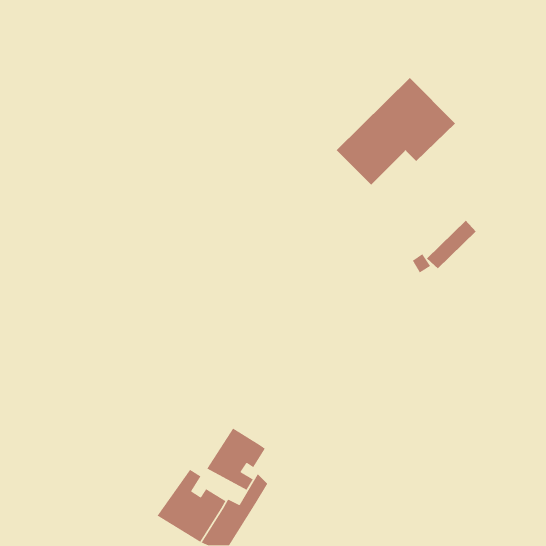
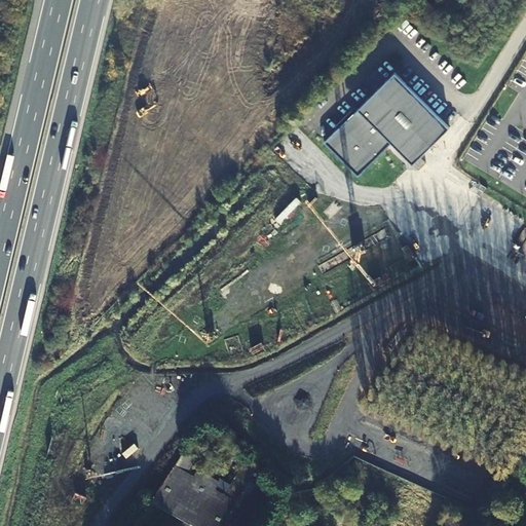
building: [426,220,477,269] -> [399,118,447,165]
building: [206,428,266,491] -> none

